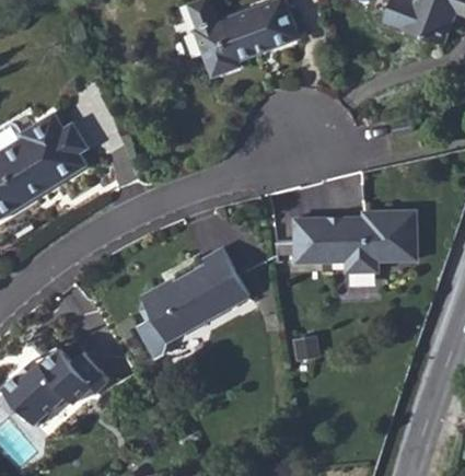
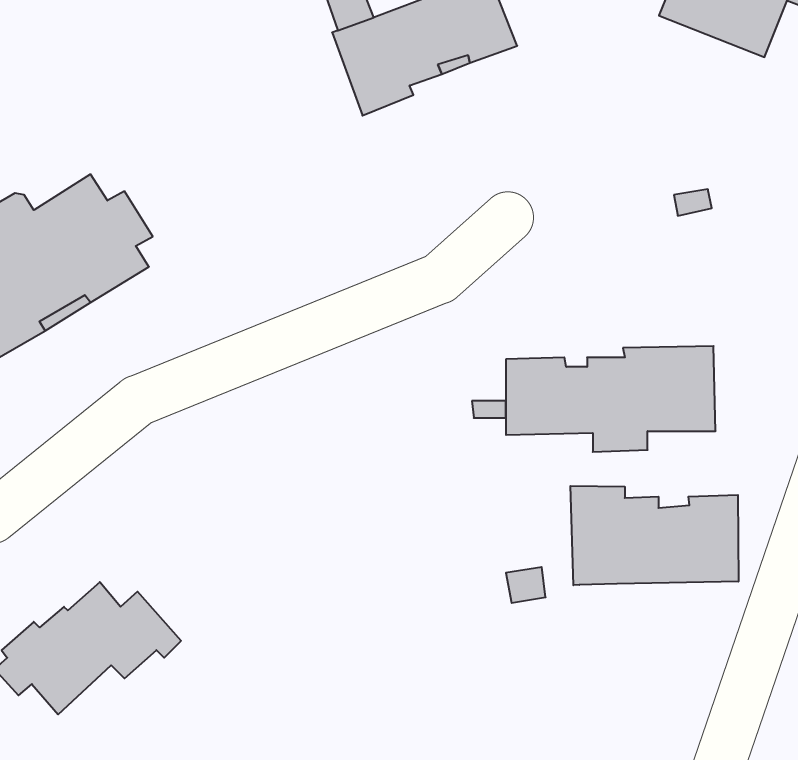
building: [136,248,247,358] -> none
building: none -> [570,486,738,585]

